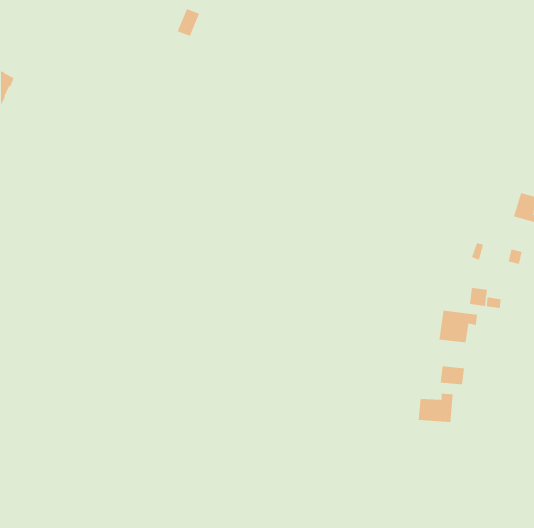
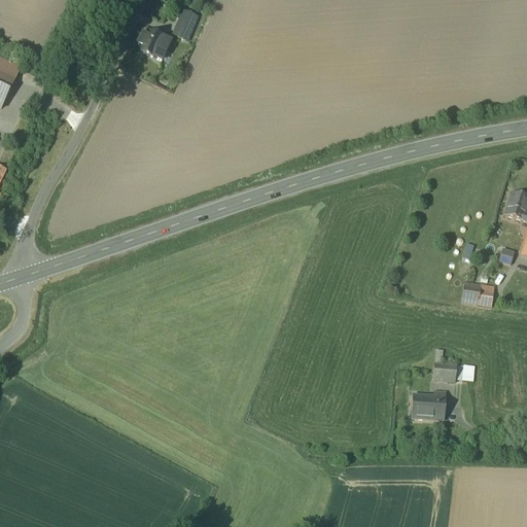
building: none -> [141,29,171,56]
building: [439,310,478,343] -> none

